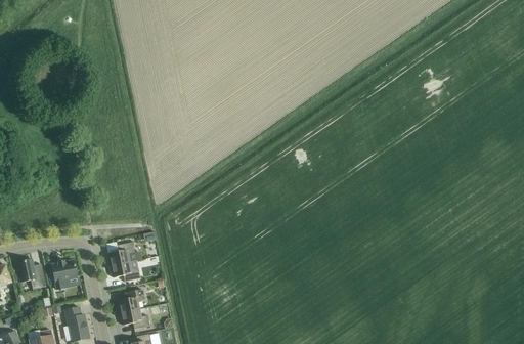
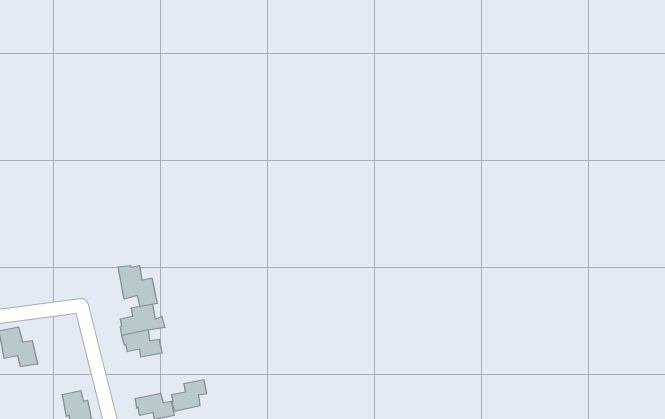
building: none -> [118,266,157,307]
building: [51,259,78,289] -> none
building: [118,289,144,312] -> [172,380,207,411]

